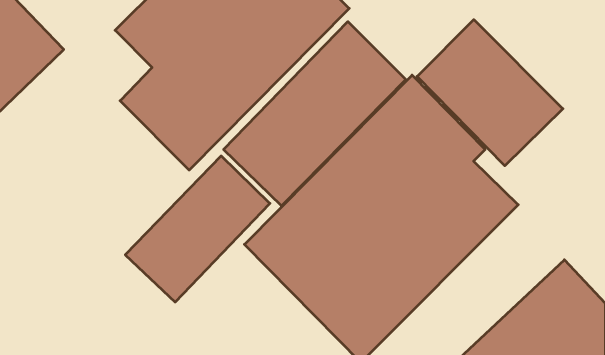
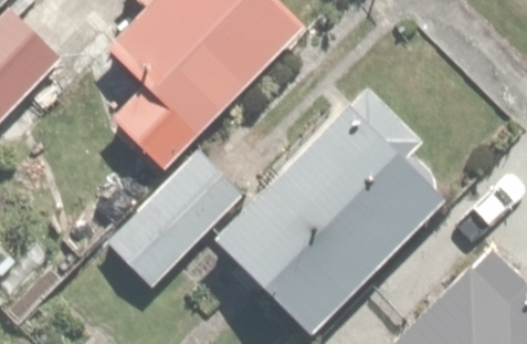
building: [417,20,563,166] -> none
building: [224,22,406,206] -> none

